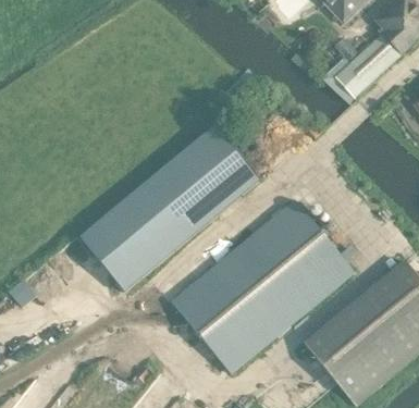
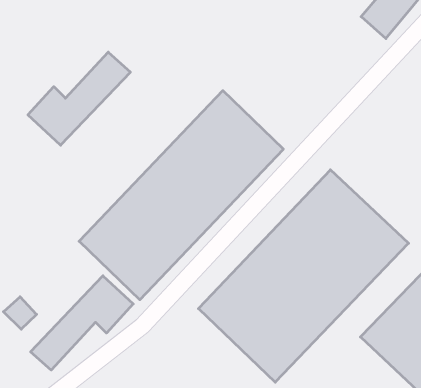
building: none -> [28,52,130,145]
building: none -> [31,276,133,370]

